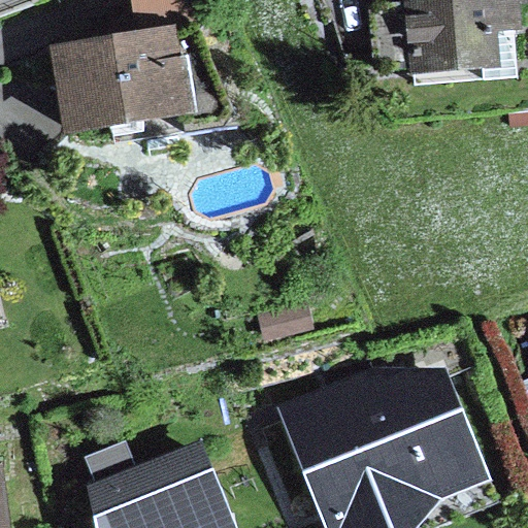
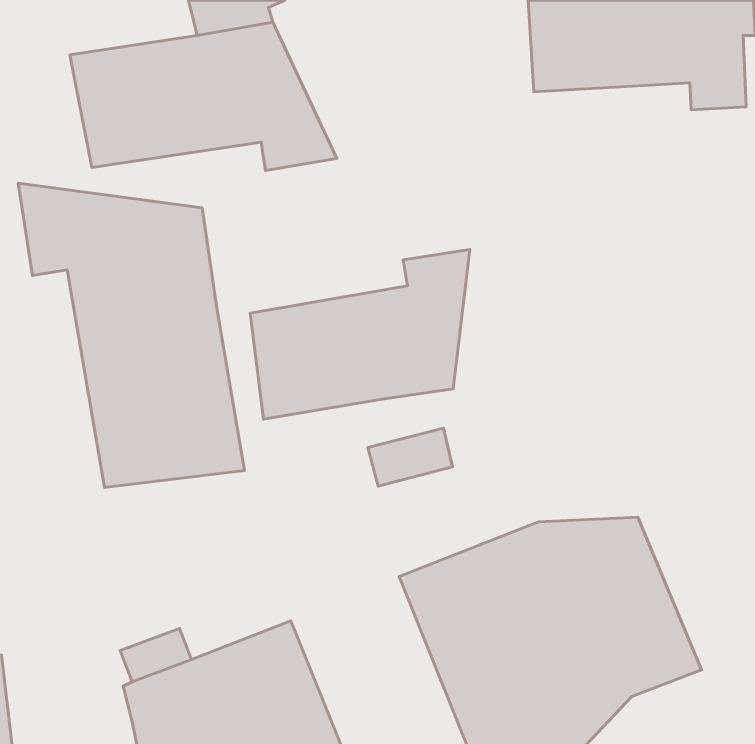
building: none -> [18,183,244,488]
building: none -> [250,249,470,419]

